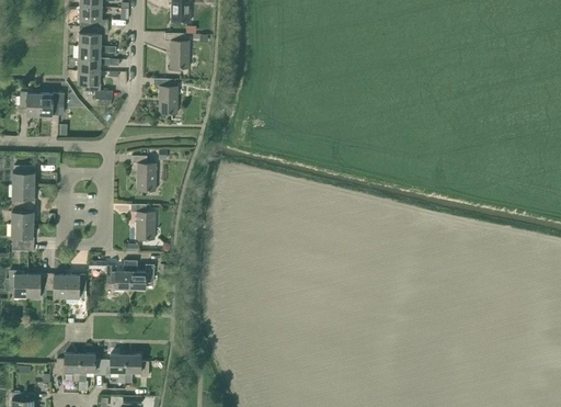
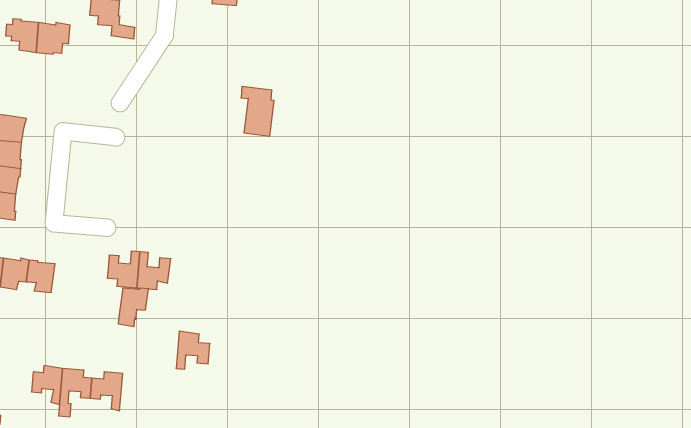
building: [153,78,179,114] -> [241,86,274,136]
building: [131,156,157,191] -> none
building: [130,204,156,239] -> none
building: [66,274,87,304] -> [118,288,149,327]
building: [125,354,149,383] -> [176,331,210,369]

